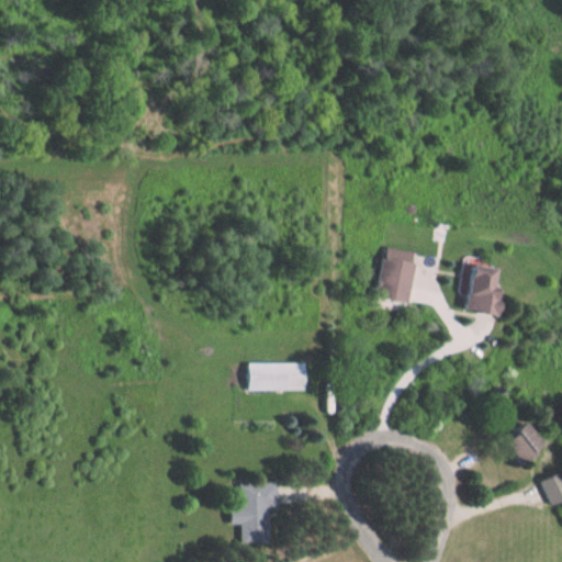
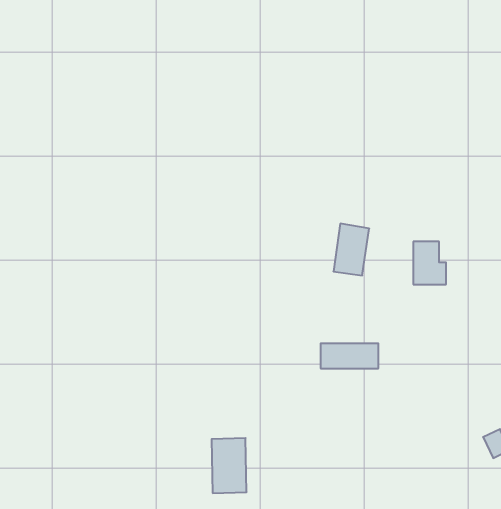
building: [247,362,311,390] -> [321,343,378,368]
building: [502,420,540,460] -> none

